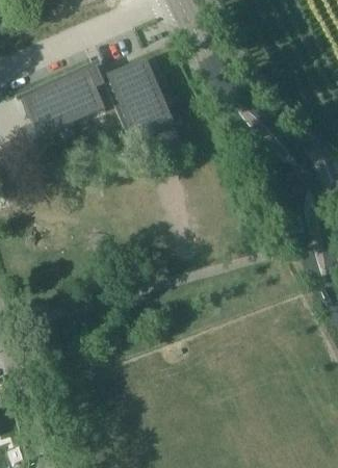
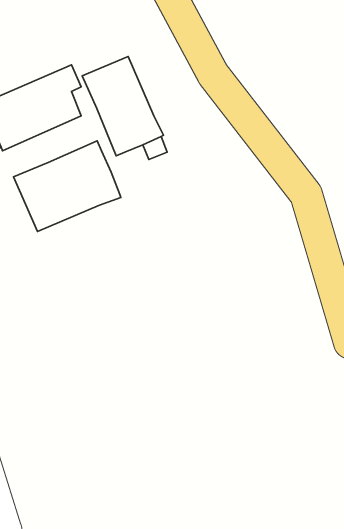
building: none -> [14,141,121,232]

